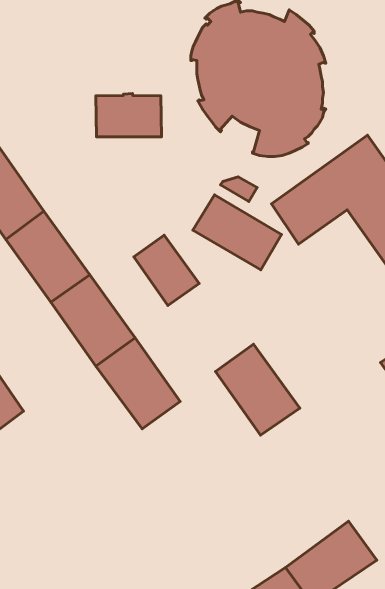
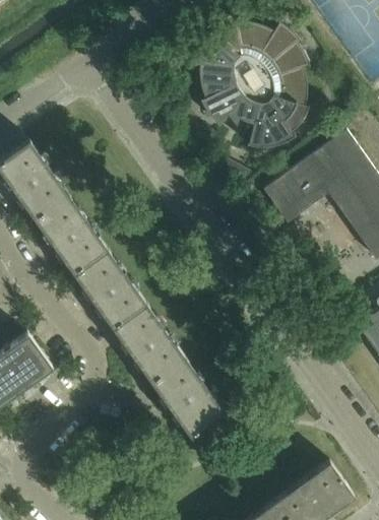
building: [96,93,162,137] -> none
building: [193,195,281,270] -> none
building: [134,235,199,305] -> none
building: [216,344,300,435] -> [152,358,225,436]

